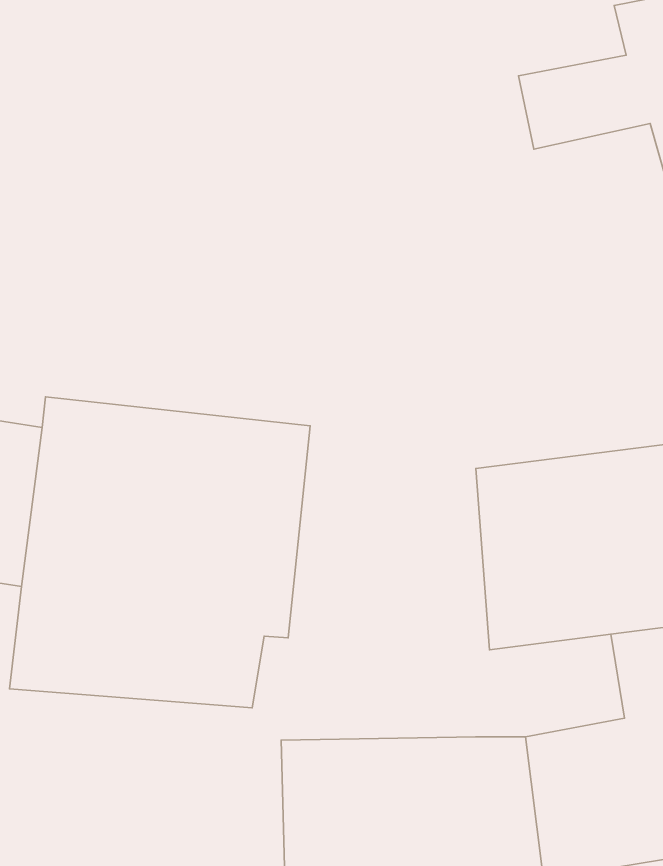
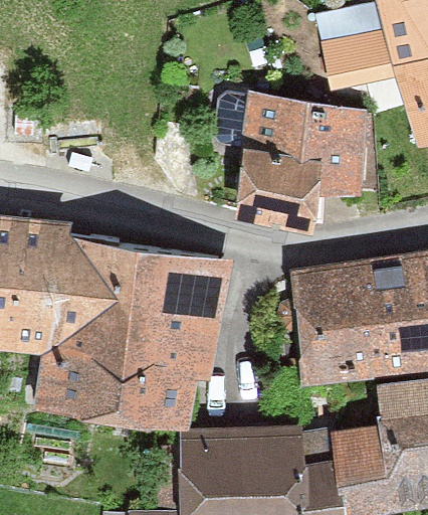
building: none -> [211,87,357,225]

